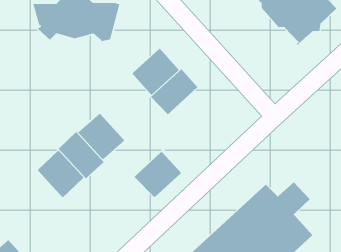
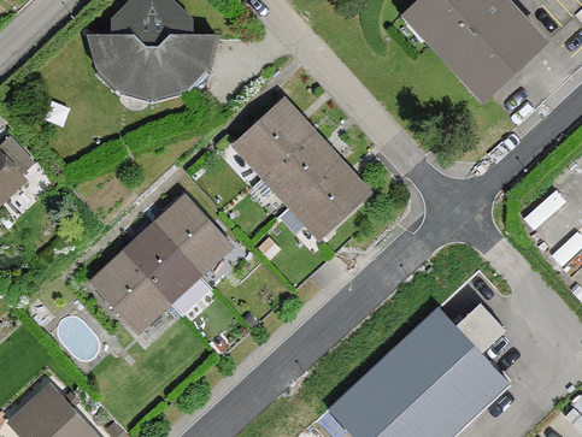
building: [133,149,184,200] -> [290,161,368,237]

